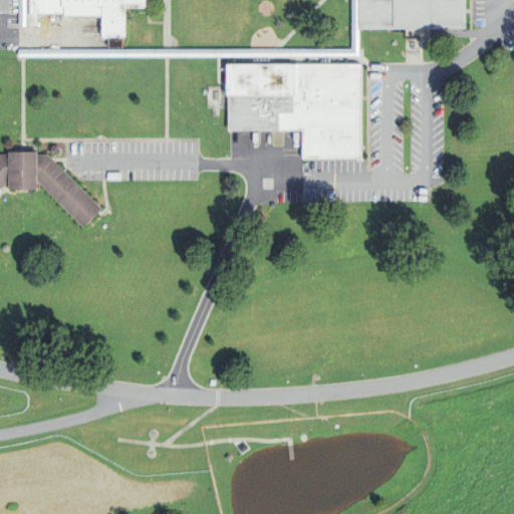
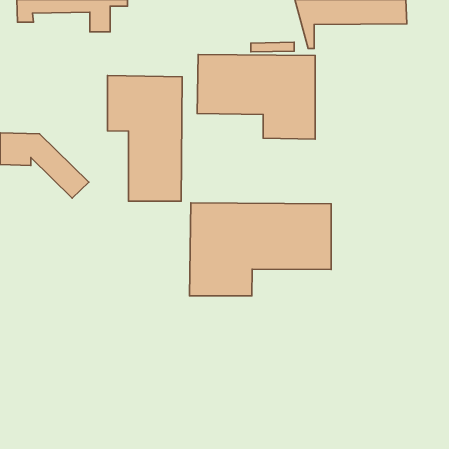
building: none -> [107,76,182,201]
building: none -> [190,203,331,296]

